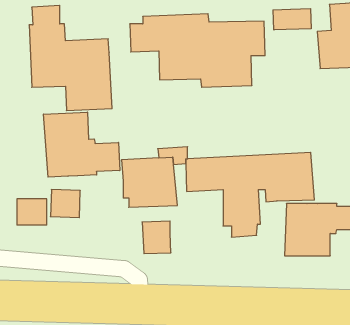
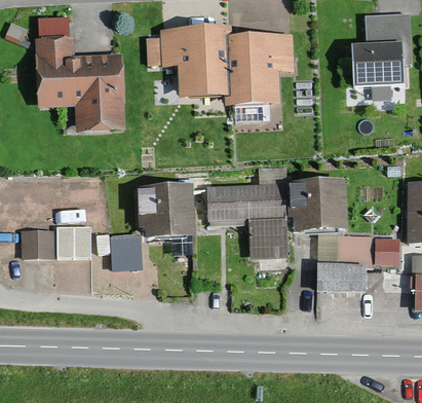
building: [273,9,311,30] -> none
building: [44,112,120,177] -> none
building: [142,221,171,254] -> [110,233,142,269]

